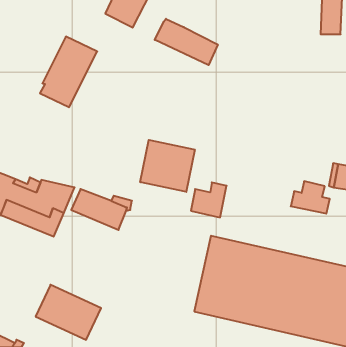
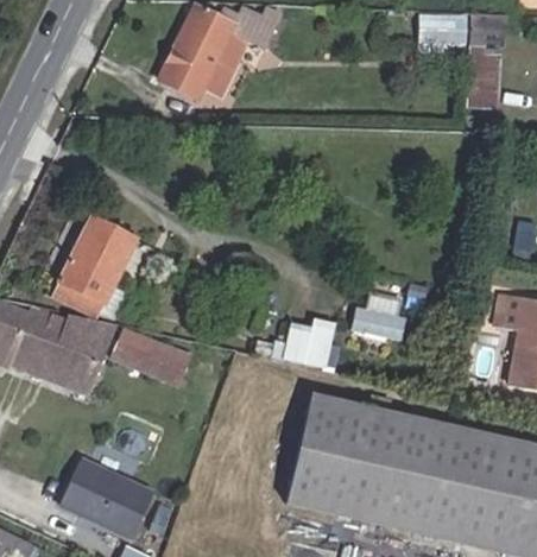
building: [155,19,218,65] -> none
building: [40,37,97,107] -> [55,215,137,316]
building: [140,140,195,192] -> none
building: [291,181,330,214] -> [352,292,408,338]

